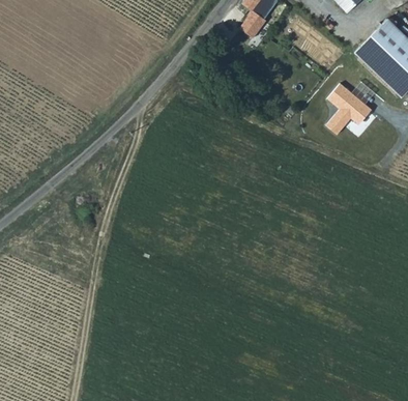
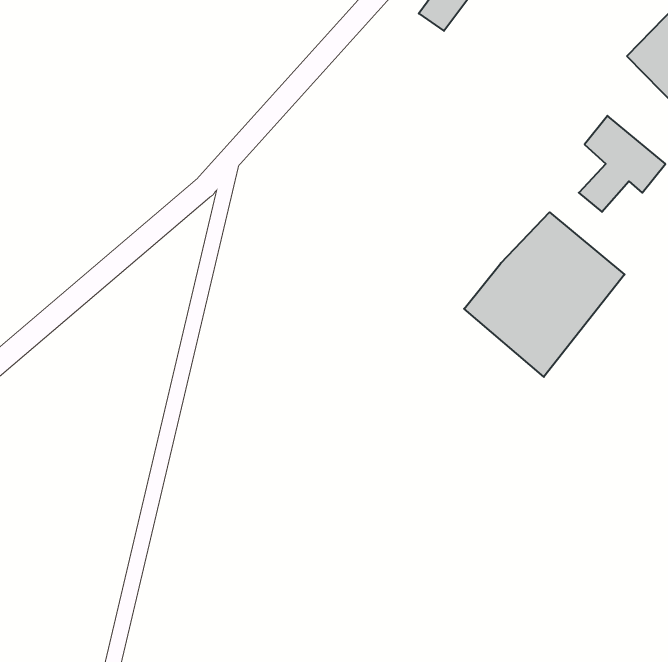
building: none -> [464,212,625,377]

